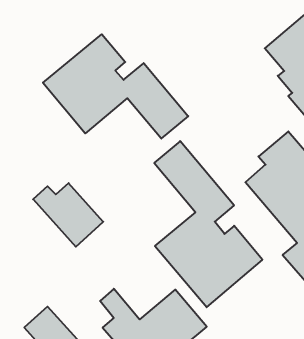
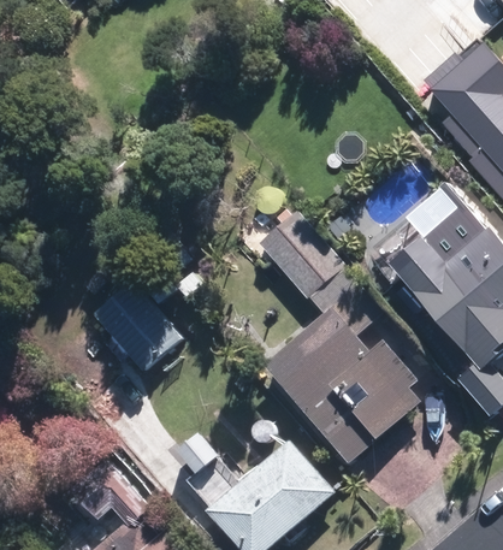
building: [43,34,188,139] -> none

